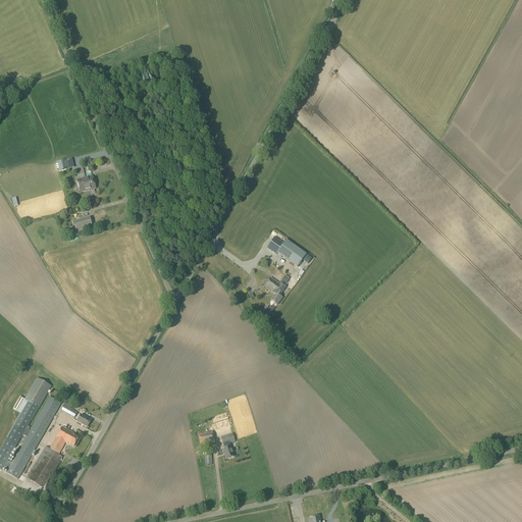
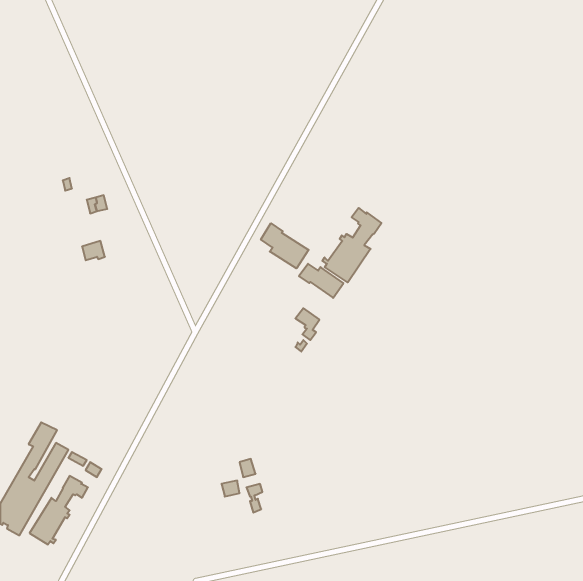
building: none -> [322,208,381,282]
building: none -> [261,223,309,268]

